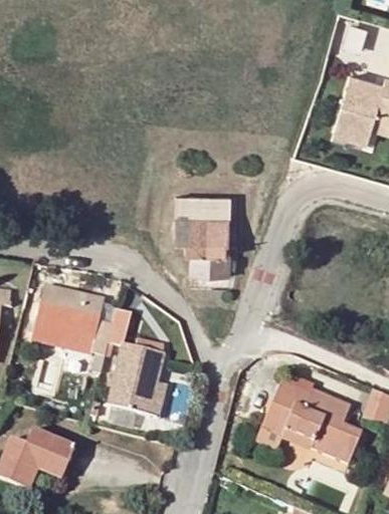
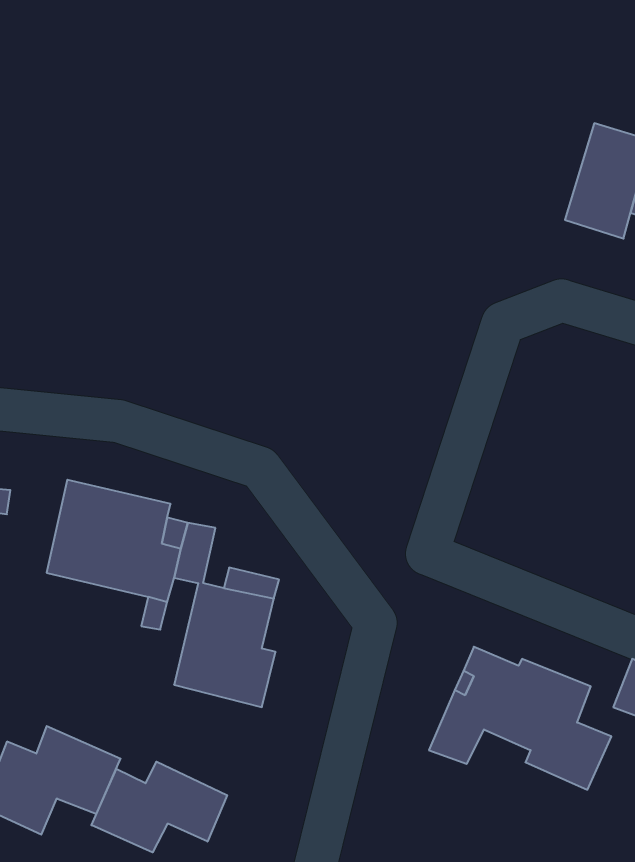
building: [175,193,230,274] -> none
building: none -> [91,762,227,852]

